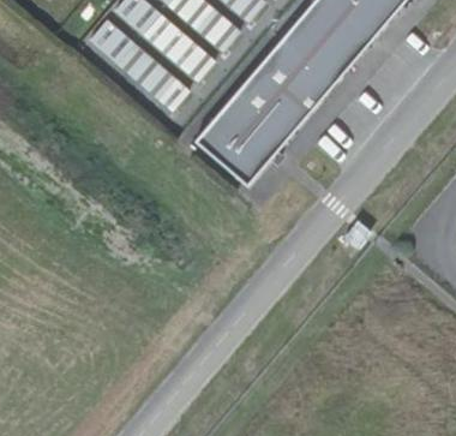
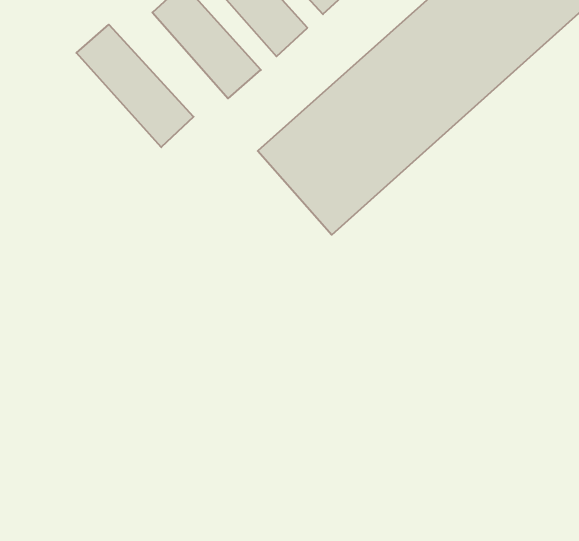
building: none -> [76,25,194,147]

